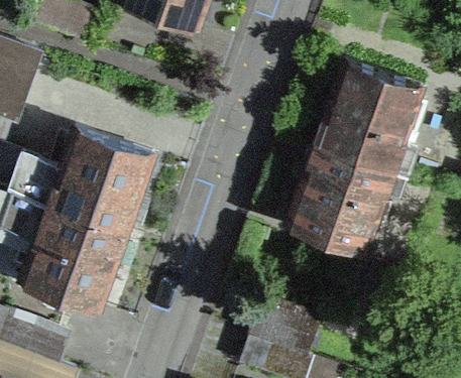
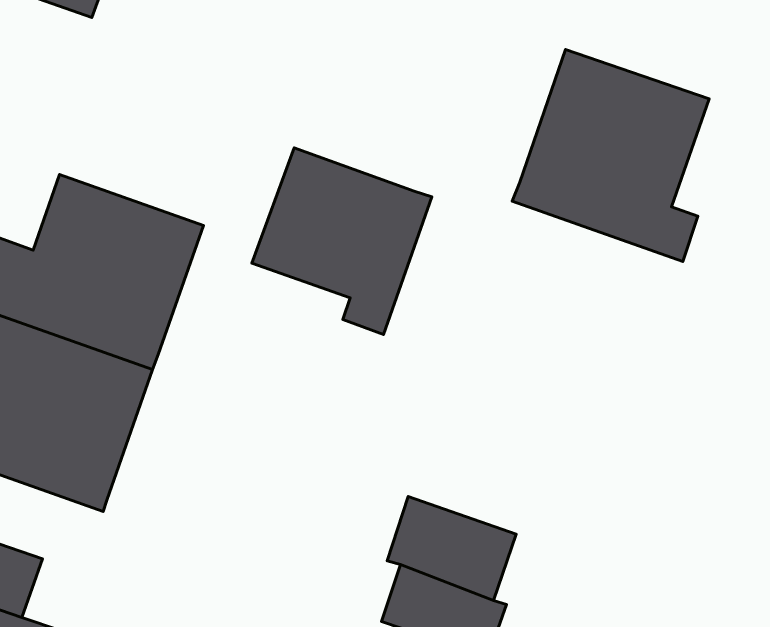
building: none -> [252,148,432,335]
building: [287,146,407,254] -> none

